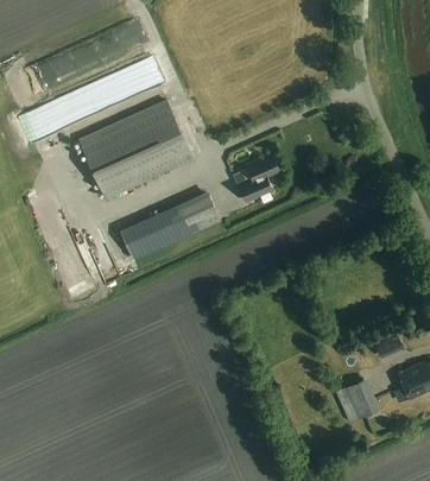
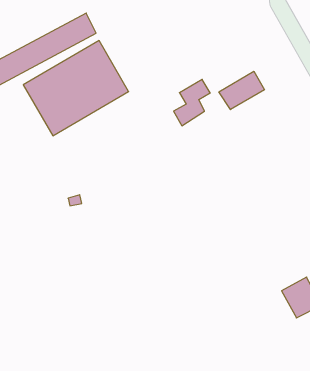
building: none -> [219,71,264,110]
building: [121,192,219,255] -> none

